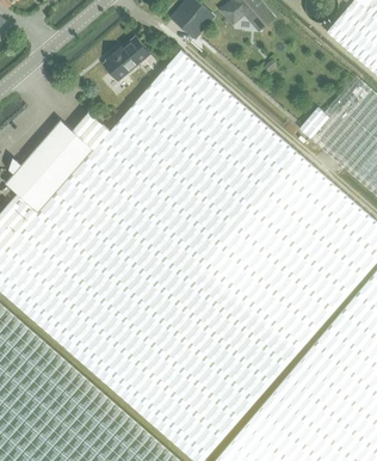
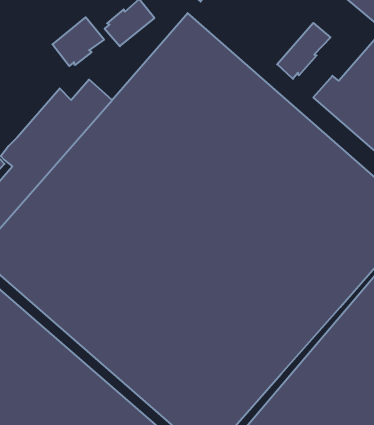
building: none -> [52,17,104,66]
building: none -> [277,23,330,79]

